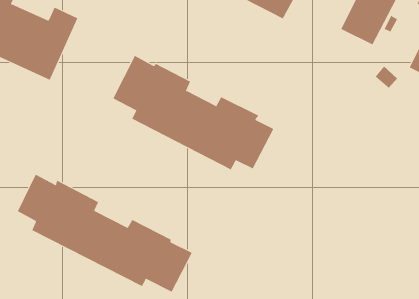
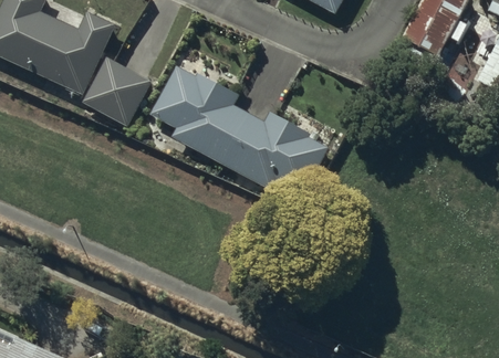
building: none -> [82,55,148,122]
building: [17,174,192,292] -> none

